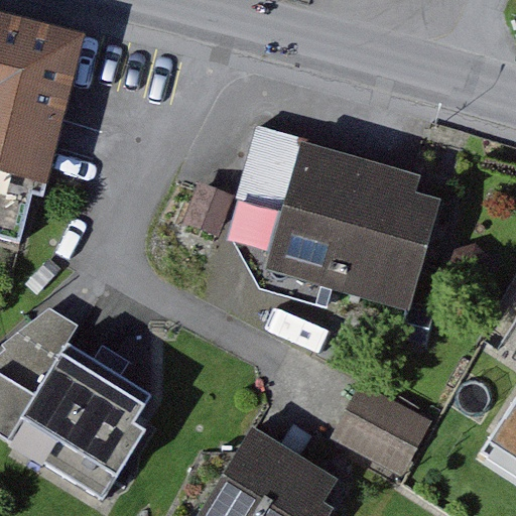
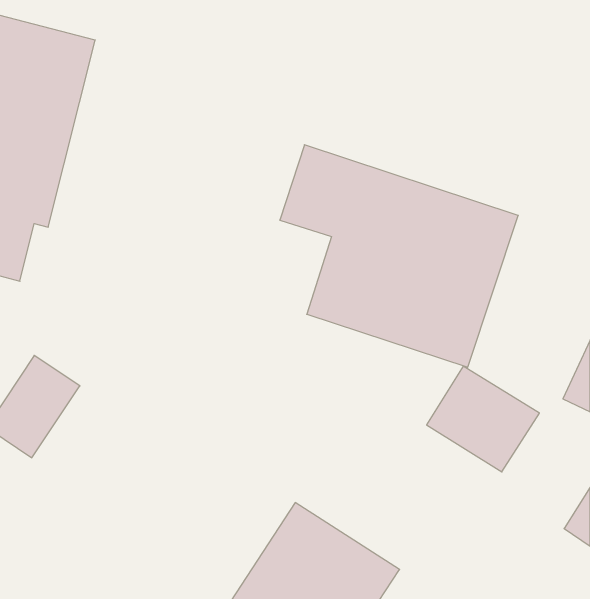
building: [20,348,155,486] -> none
building: [337,383,433,474] -> [427,366,539,472]

